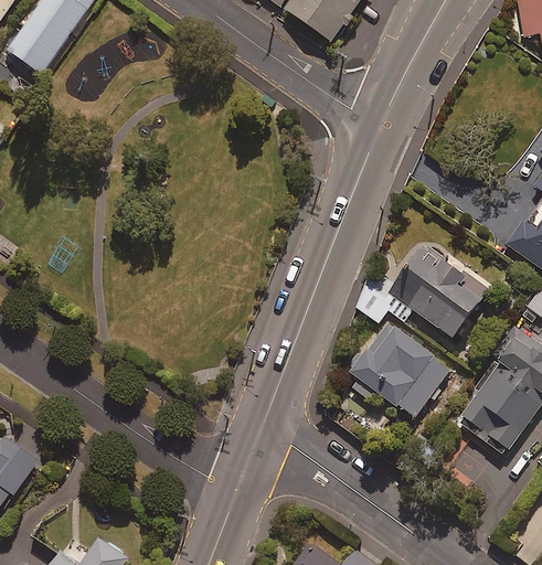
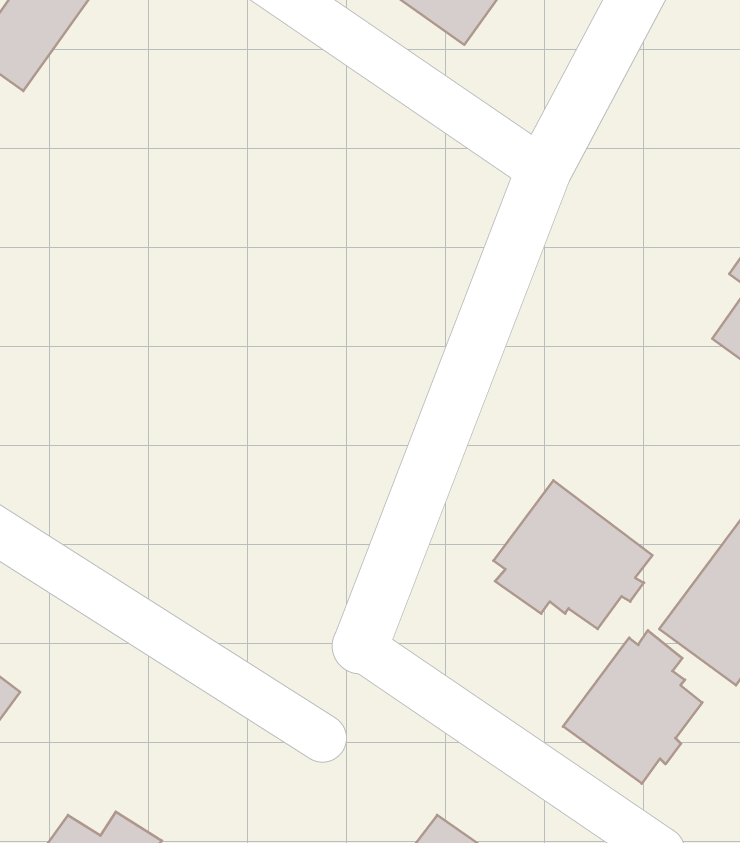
building: [381,243,487,338] -> none
building: none -> [563,630,702,784]

